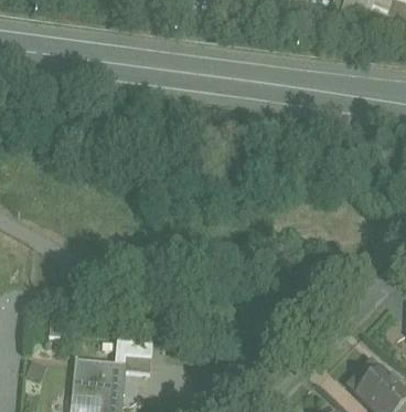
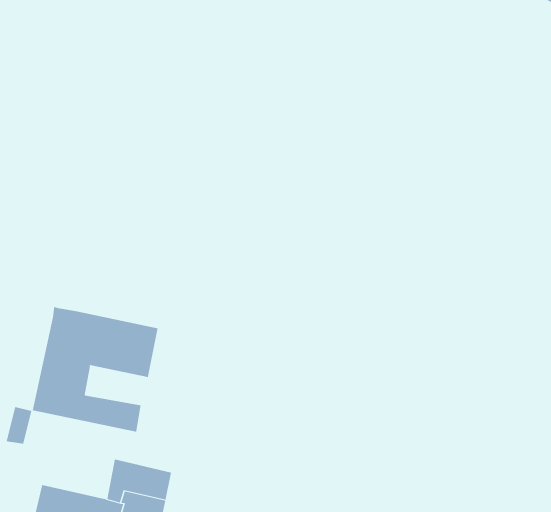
building: none -> [32,306,158,432]

